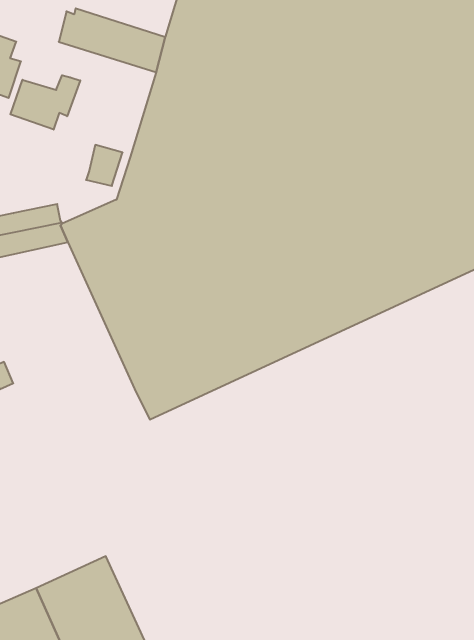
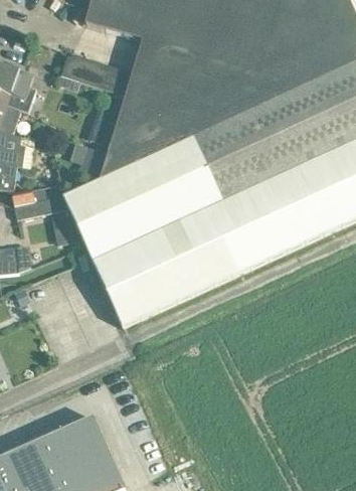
building: [10,75,80,130] -> none

